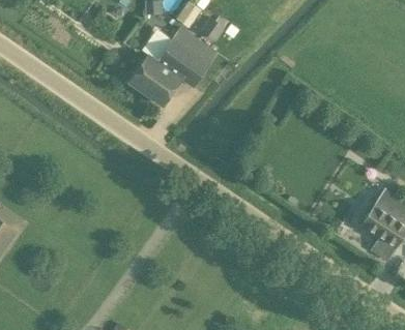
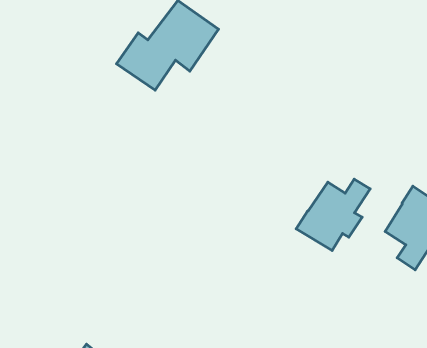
building: none -> [296,179,370,251]

